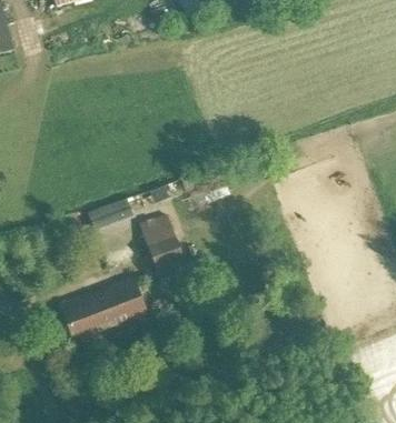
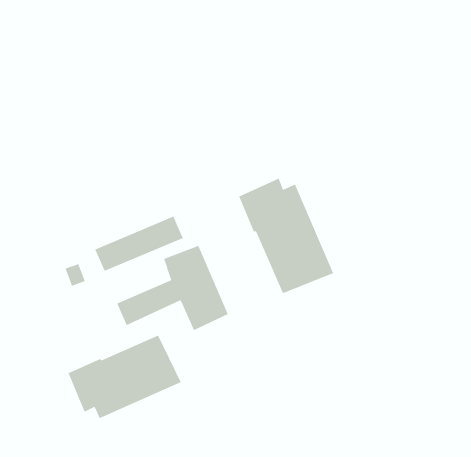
building: none -> [238,178,334,294]

